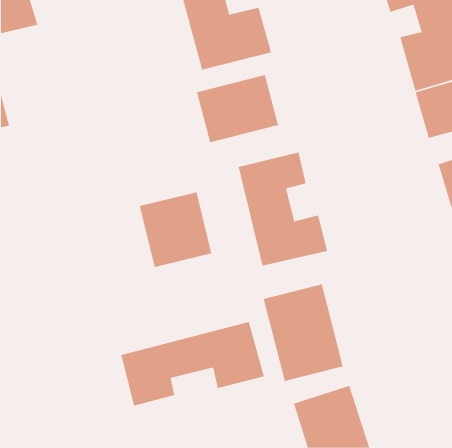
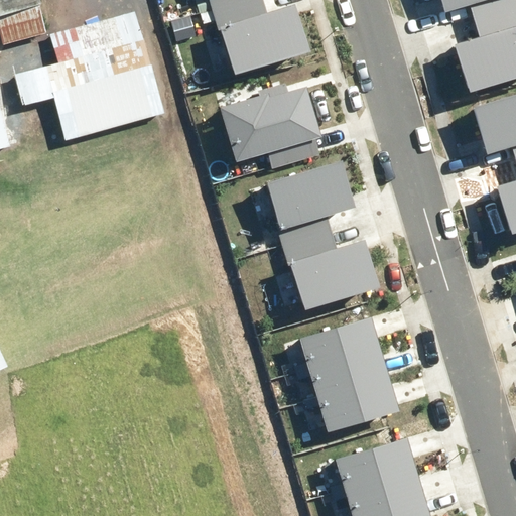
building: none -> [13,6,162,133]
building: [139,191,212,268] -> none
building: [121,321,265,407] -> none

